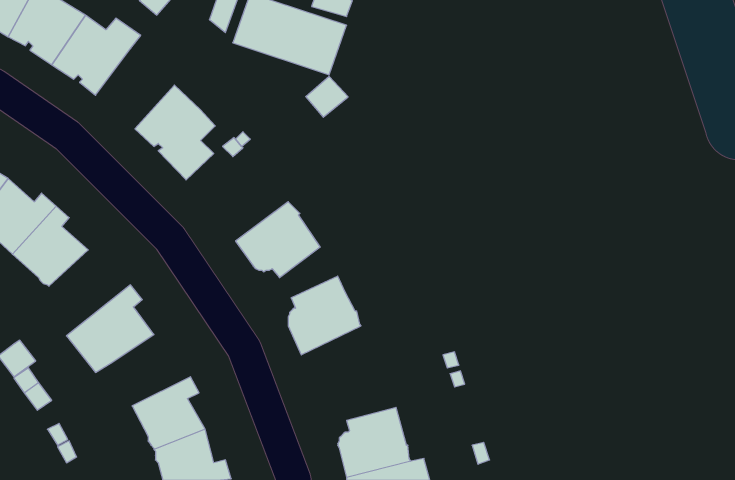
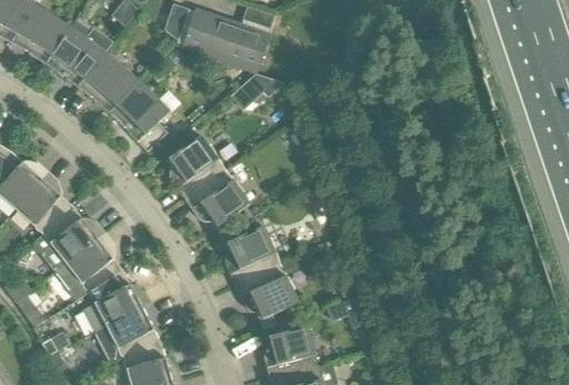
building: none -> [78,51,138,112]
building: none -> [168,135,224,198]
building: none -> [33,205,104,270]
building: none -> [234,263,298,318]
building: none -> [82,269,150,330]

